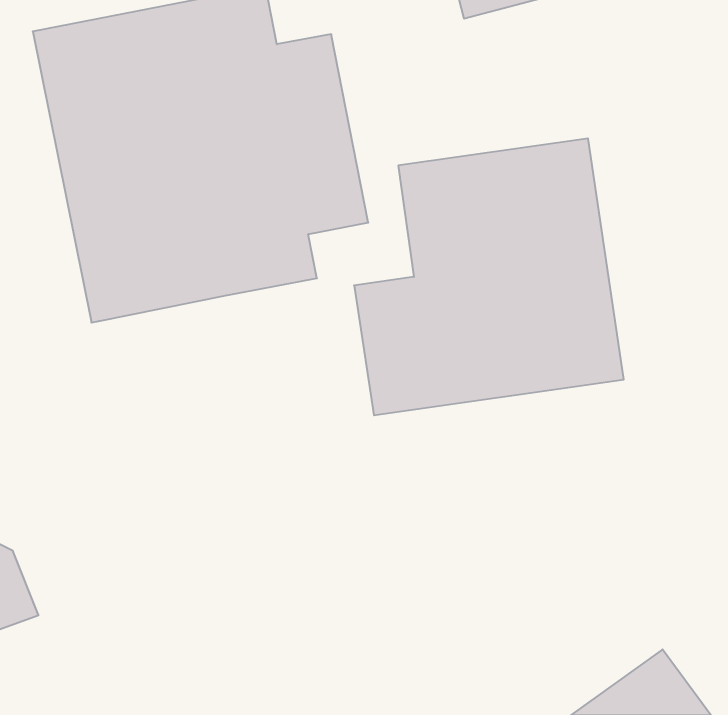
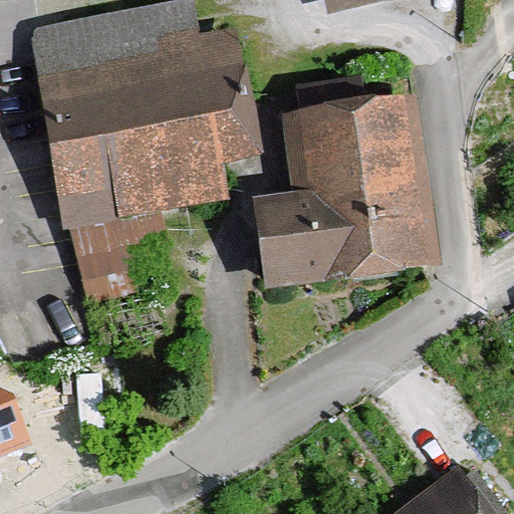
building: none -> [69,208,166,297]

